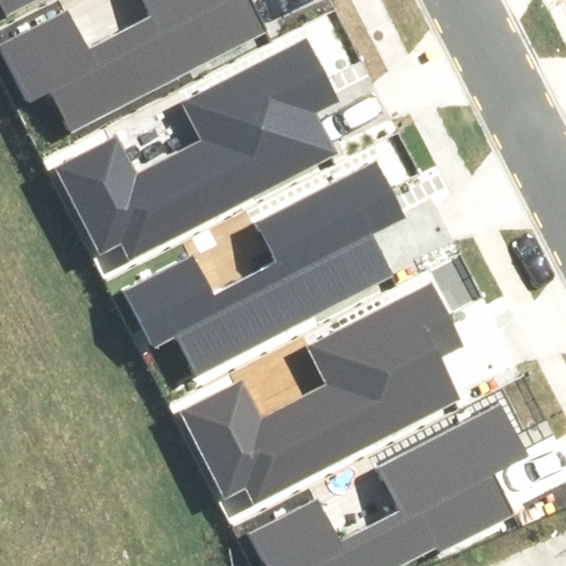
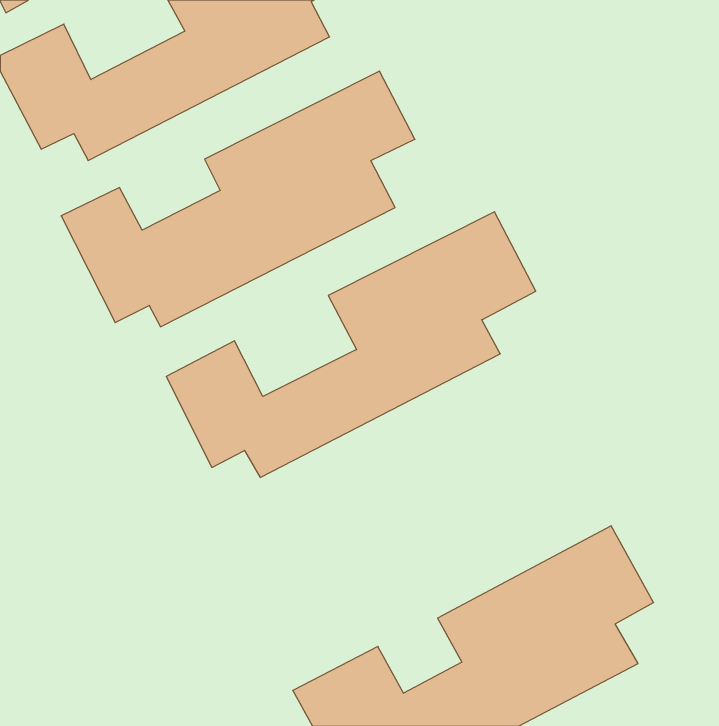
building: [188,291,475,497] -> none

